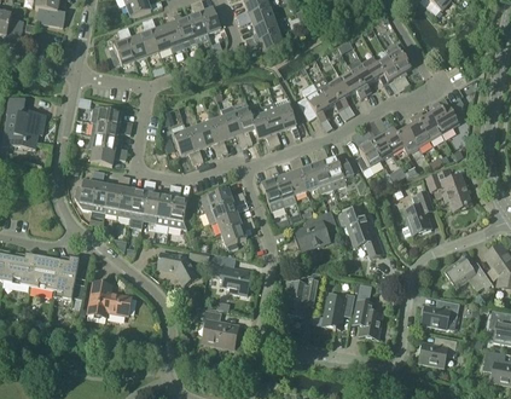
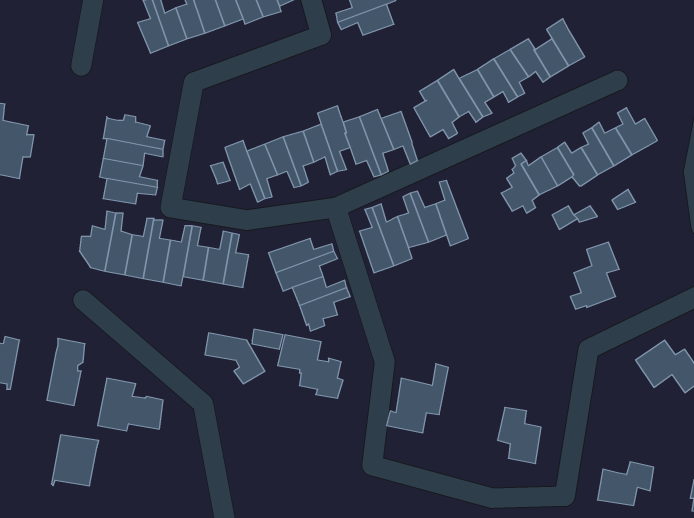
building: [319,148,354,189] -> none
building: [425,169,472,210] -> none
building: [343,207,382,255] -> none
building: [295,210,337,251] -> none
building: [29,256,60,290] -> [51,435,99,486]
building: [321,294,354,330] -> none
building: [422,300,459,329] -> none
building: [197,308,236,347] -> none

